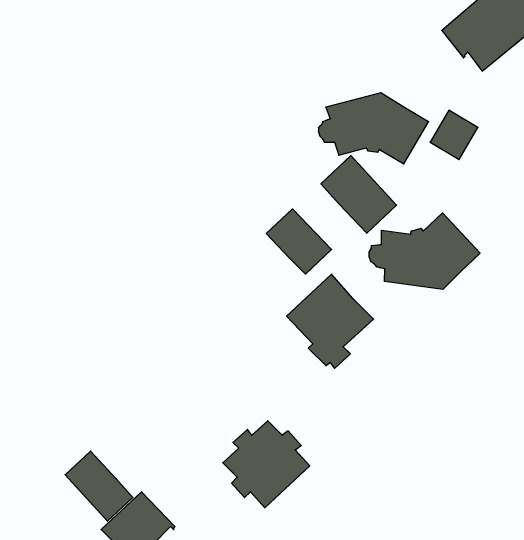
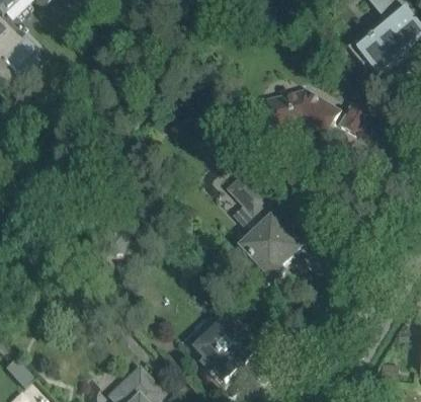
building: [321,156,397,233] -> none
building: [369,213,480,289] -> none
building: [65,451,133,521] -> none

